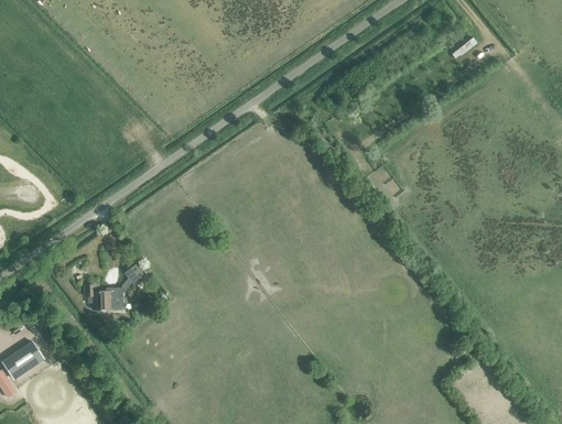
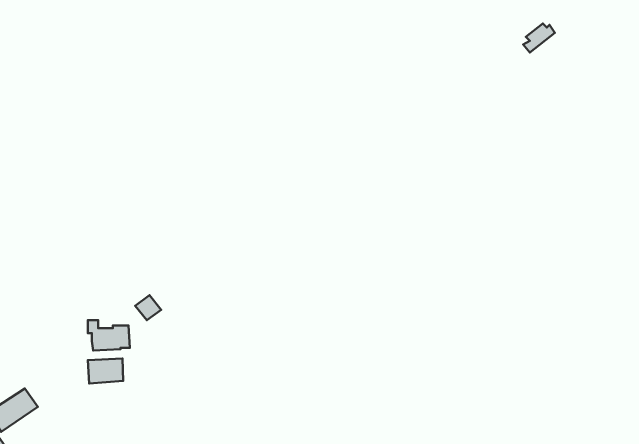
building: none -> [88,358,123,383]

